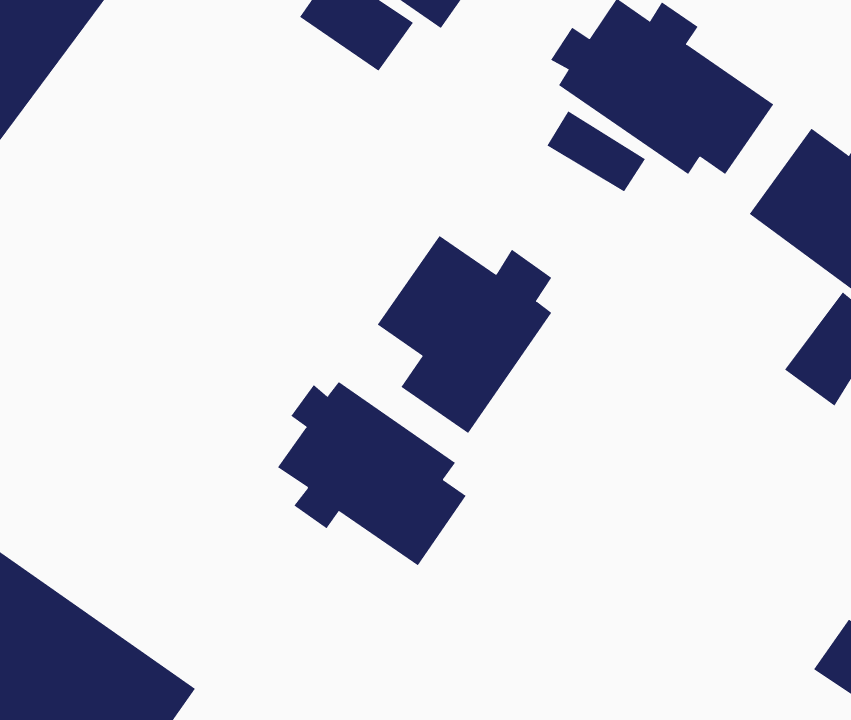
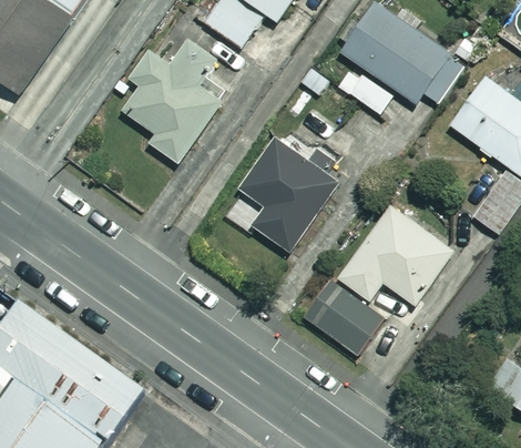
building: none -> [122,40,229,164]
building: none -> [303,204,452,355]
building: [277,381,466,566] -> none

